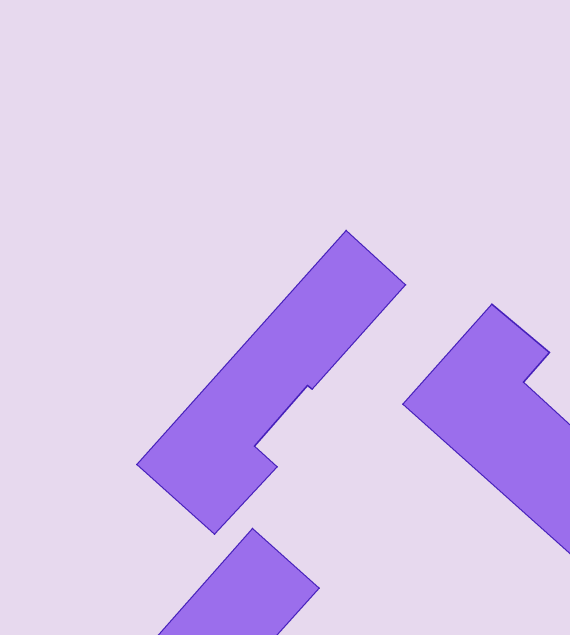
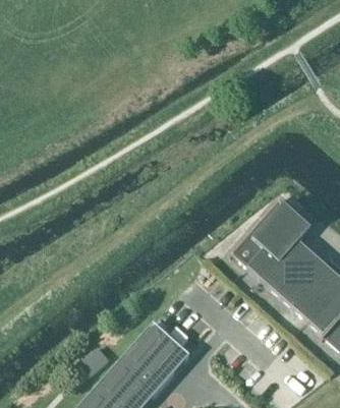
building: [137,231,406,534] -> none

